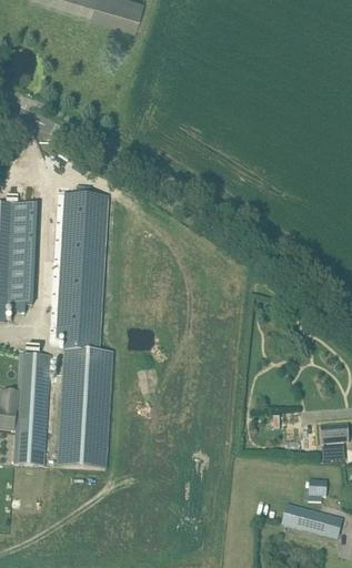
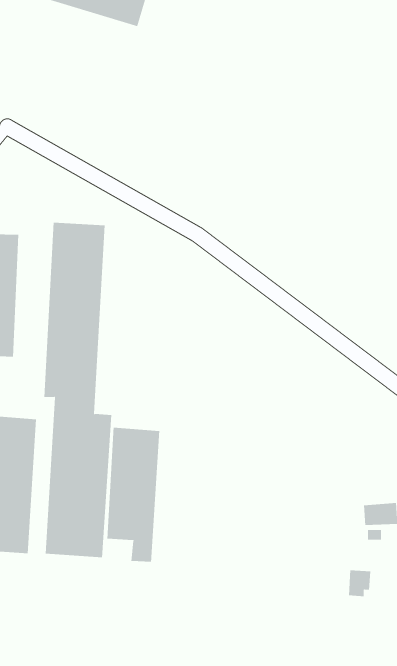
building: none -> [107,427,160,563]
building: [281,504,342,539] -> none

